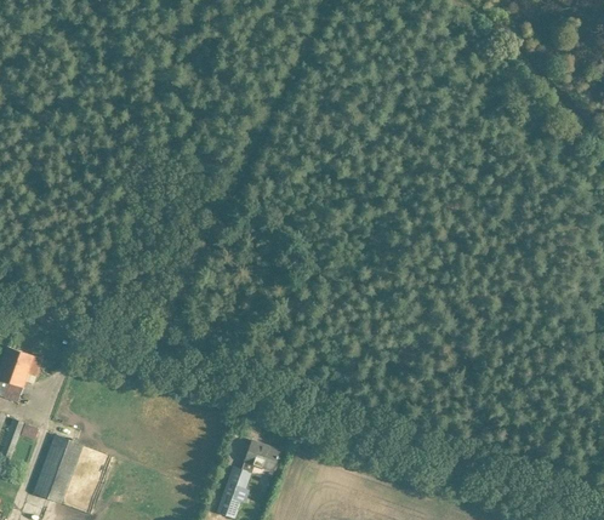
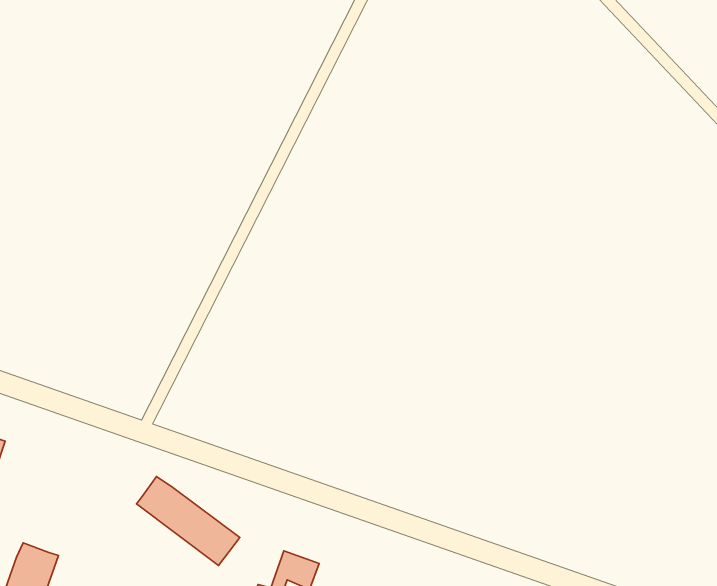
building: none -> [137,477,240,565]

